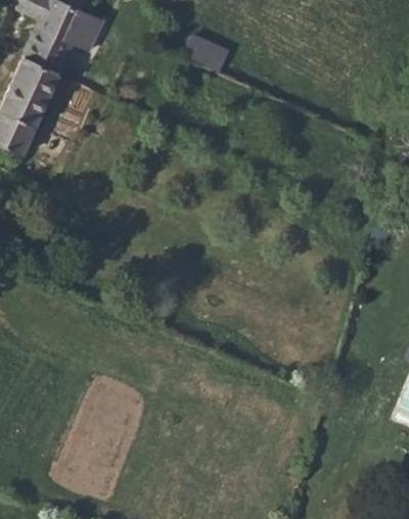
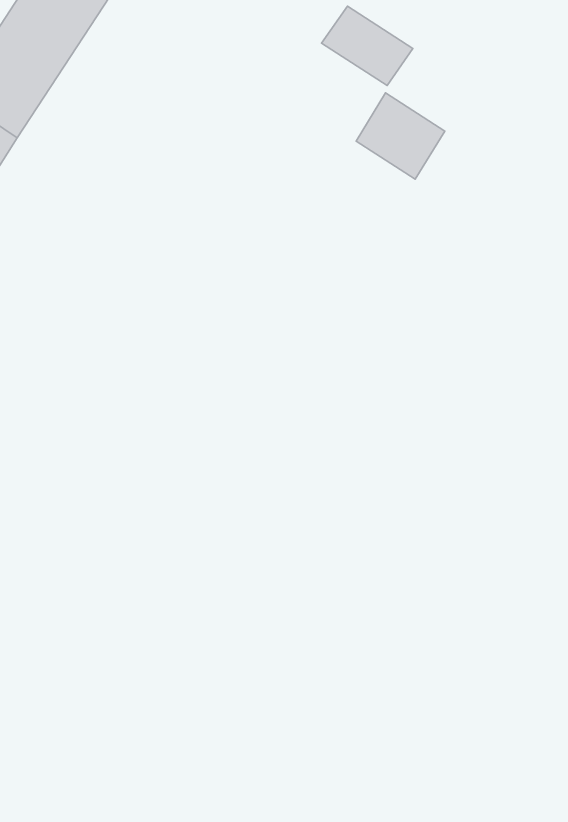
building: none -> [356,93,445,179]

